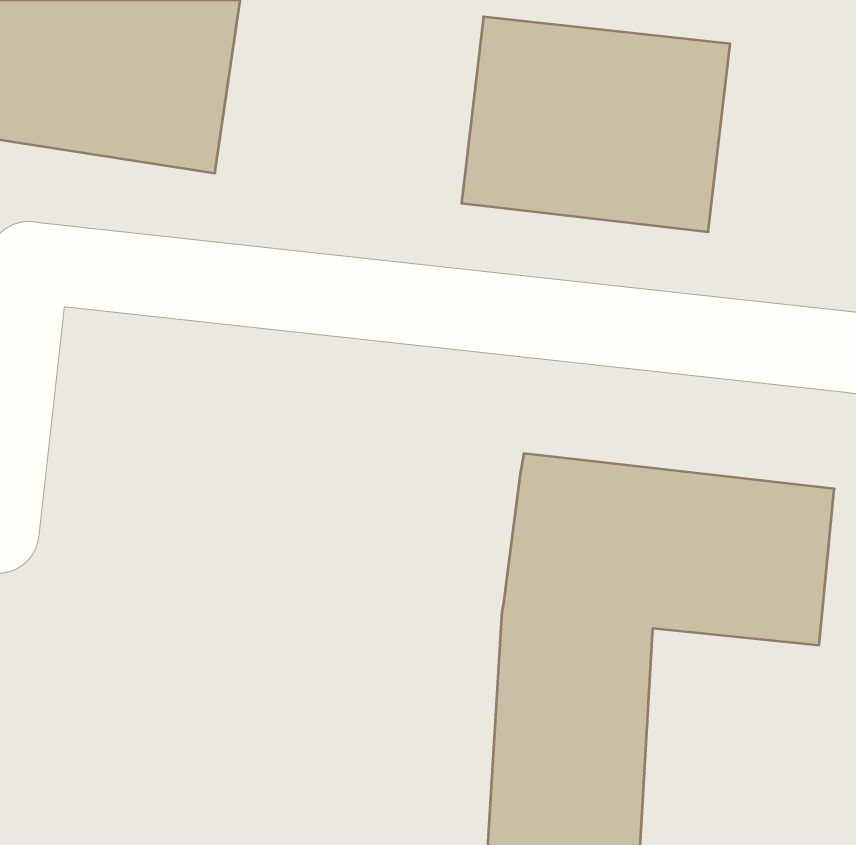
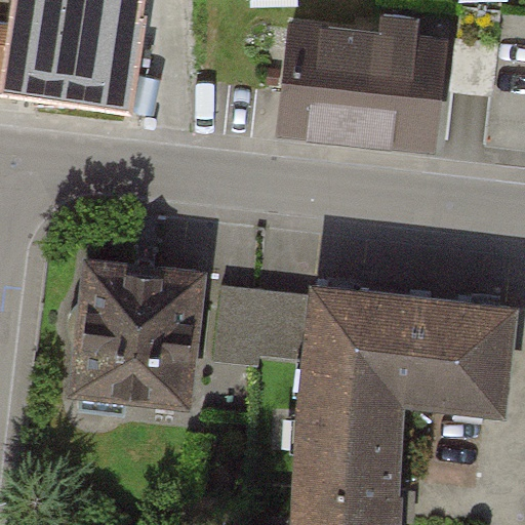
building: none -> [74,261,202,420]
building: none -> [212,284,318,376]

